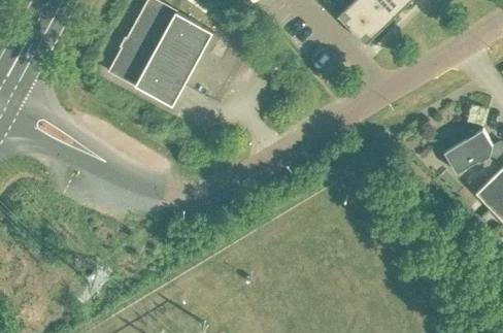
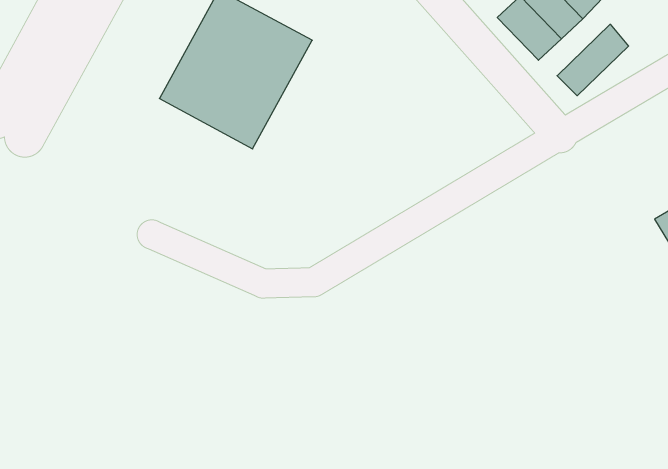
building: none -> [557,24,629,96]

